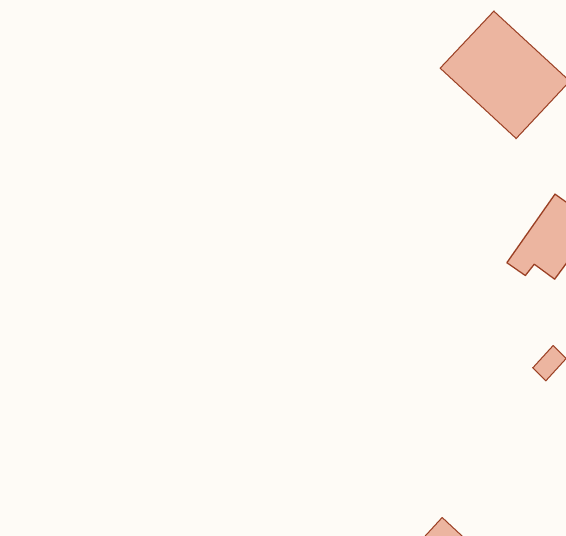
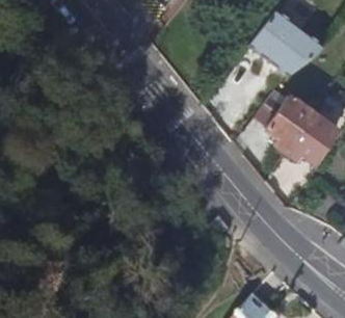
building: none -> [269,97,315,151]

